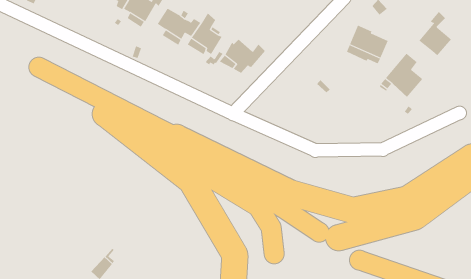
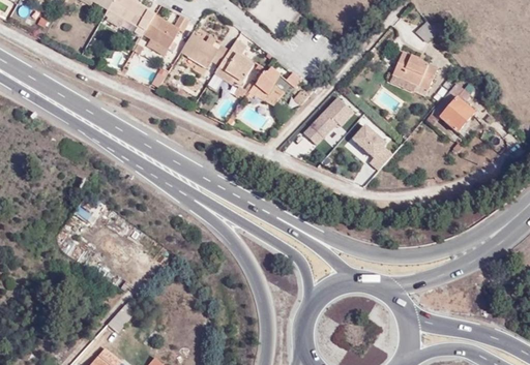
building: [419,11,452,56] -> none
building: none -> [301,97,352,148]
building: none -> [347,127,394,173]

